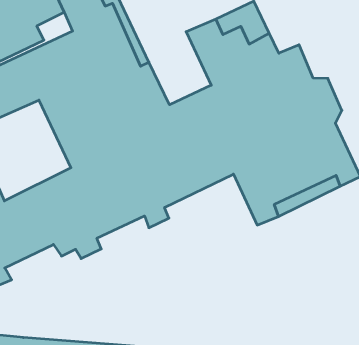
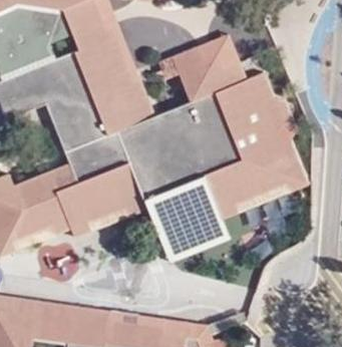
building: none -> [144,176,228,263]

